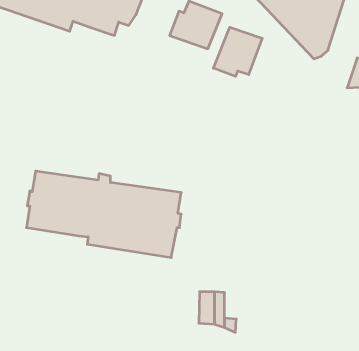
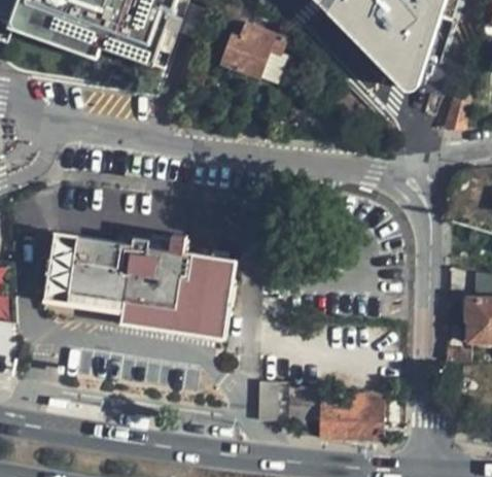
building: [213,27,262,76] -> none
building: none -> [319,391,385,439]

